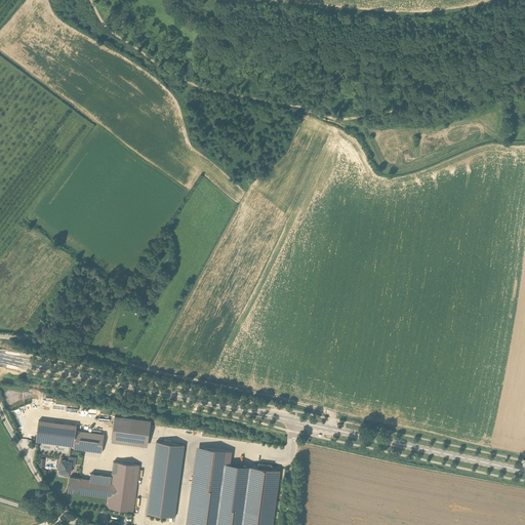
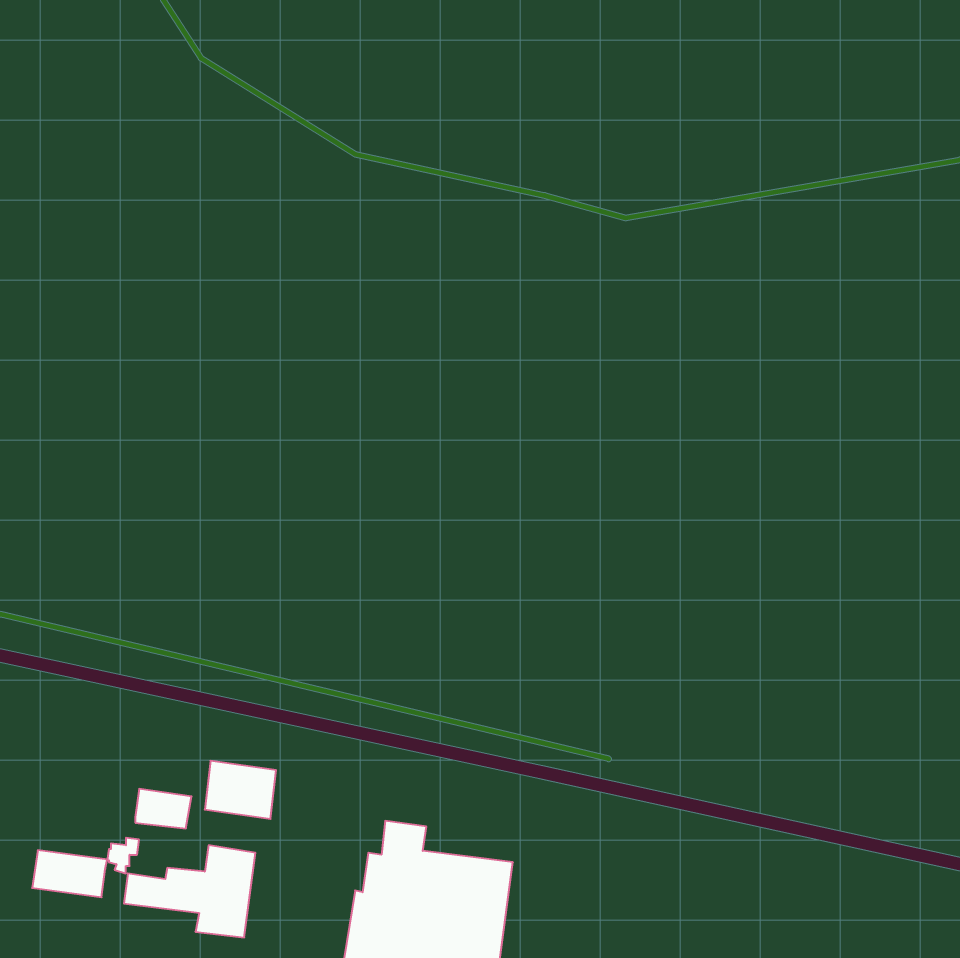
building: [36,421,77,447] -> [32,850,107,897]
building: [147,442,185,518] -> none

